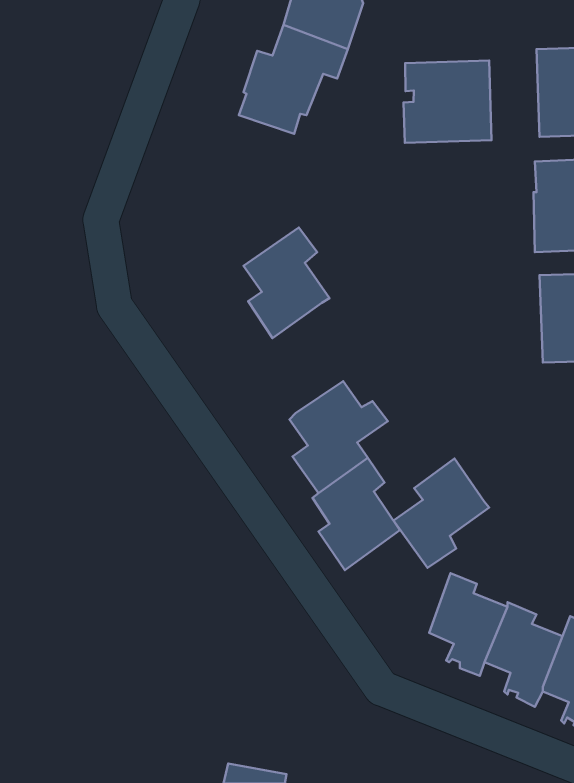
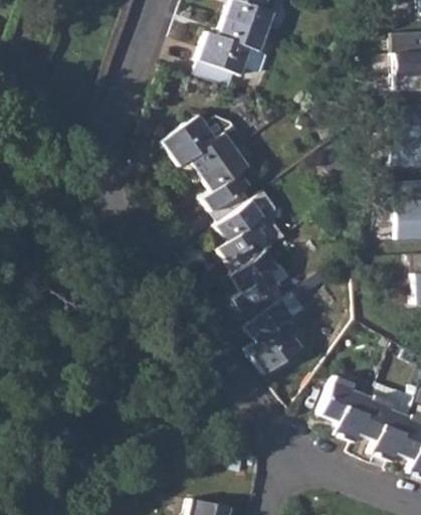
building: [404,60,491,143] -> none
building: none -> [163,116,245,175]
building: none -> [215,193,280,272]
building: [394,458,489,568] -> none

